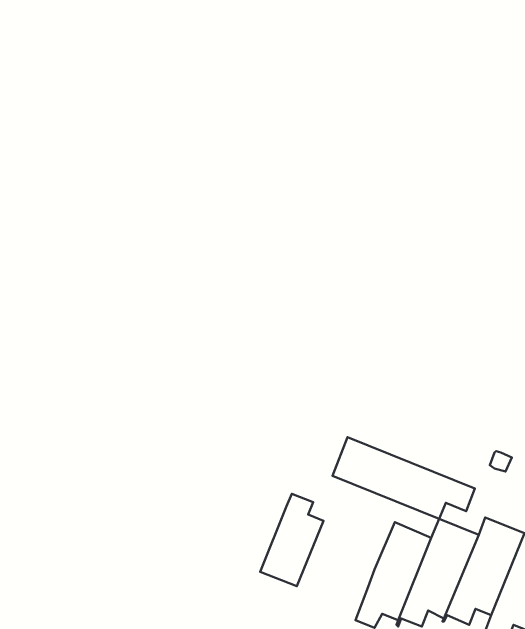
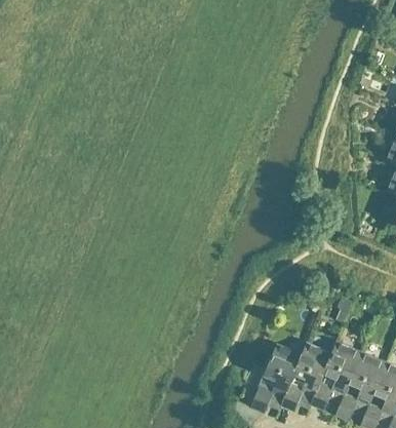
building: [333,437,475,519] -> none
building: [260,494,323,586] -> none

